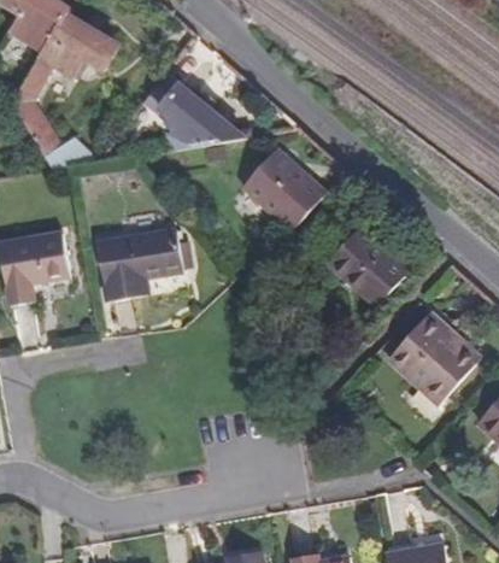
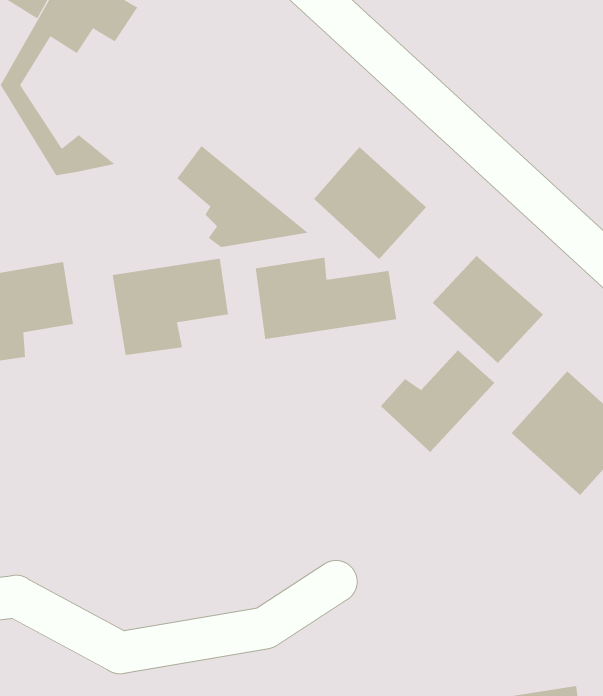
building: [148,71,245,146] -> [176,145,308,248]
building: none -> [255,257,397,340]
building: none -> [380,349,495,453]

